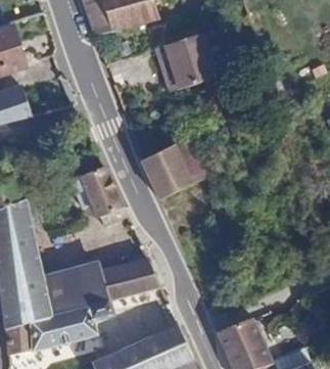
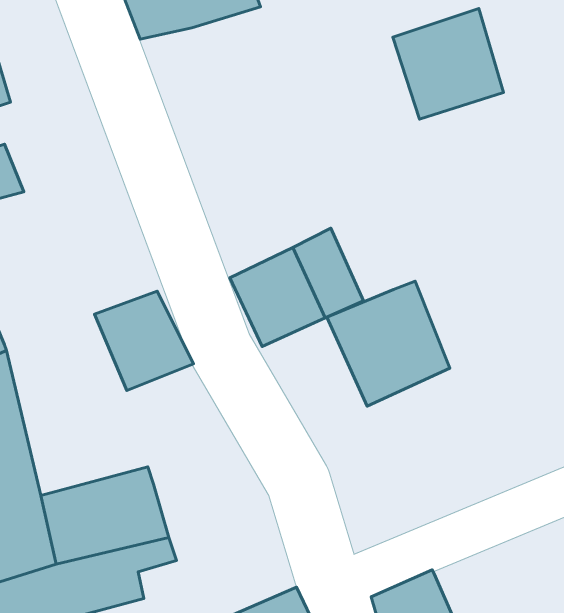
building: [151,33,210,92] -> [393,9,504,119]
building: none -> [327,281,450,406]
building: [101,259,159,299] -> none

